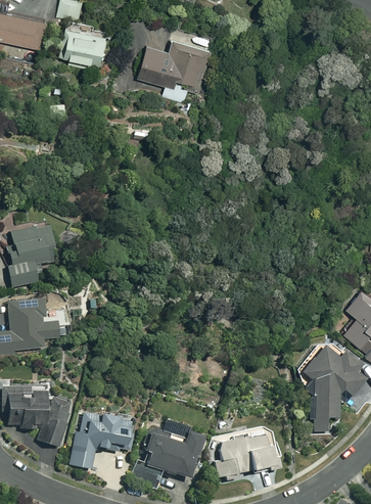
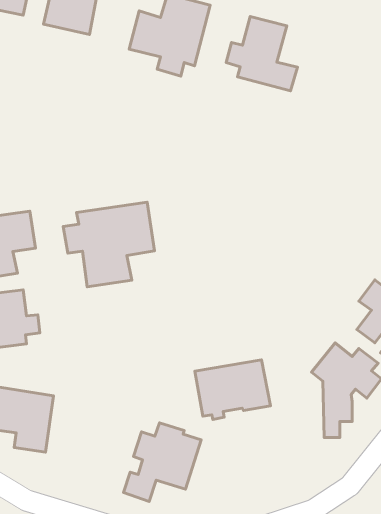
building: none -> [226,16,298,91]
building: none -> [63,202,155,287]
building: [71,412,132,468] -> none
building: [211,426,279,480] -> [195,360,270,419]

